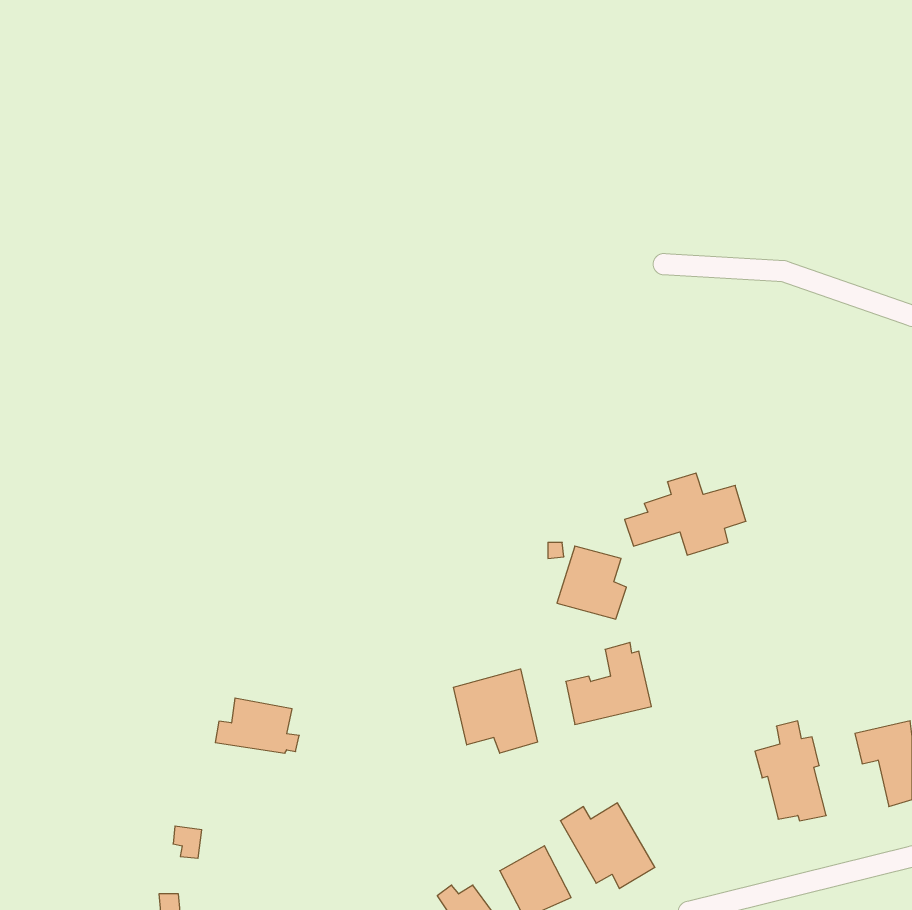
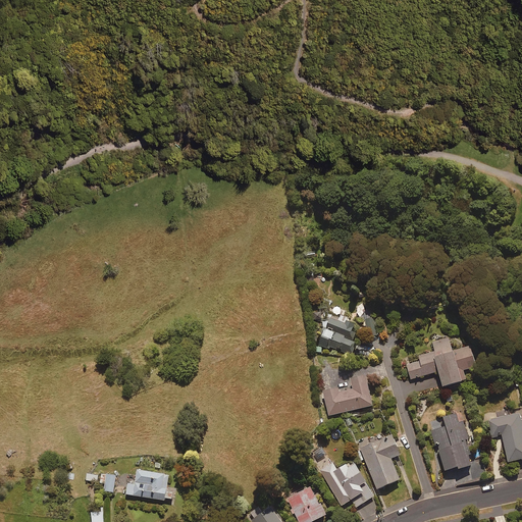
building: [625,473,746,555] -> [407,338,476,385]
building: [453,669,538,753] -> none
building: [215,698,299,753] -> [125,469,173,501]
building: none -> [358,431,401,489]

